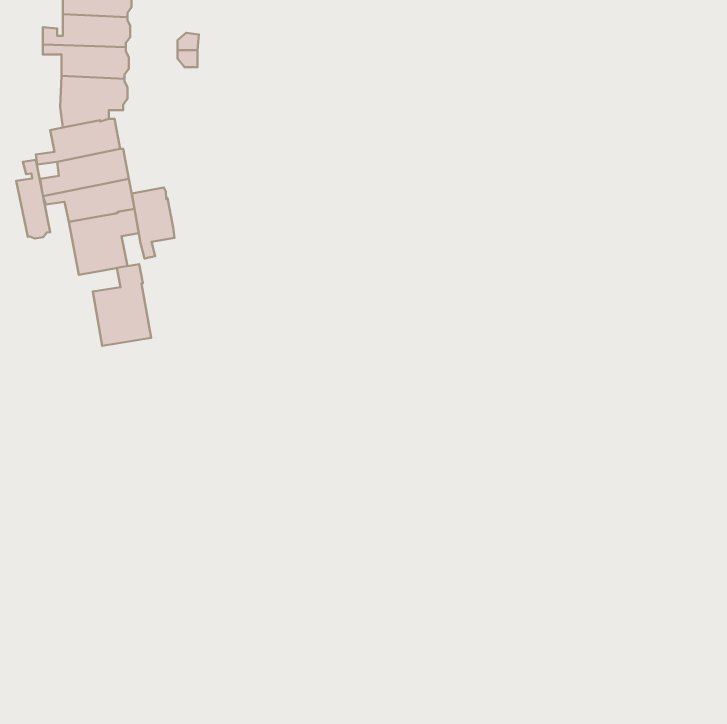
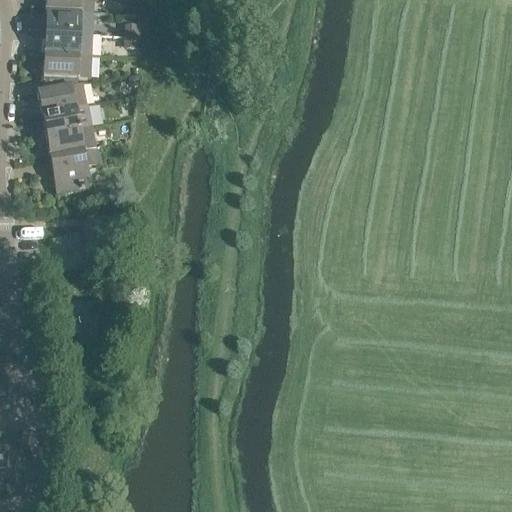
building: [16,160,50,238] -> none
building: [132,187,175,259] -> none
building: [93,264,151,346] -> none

